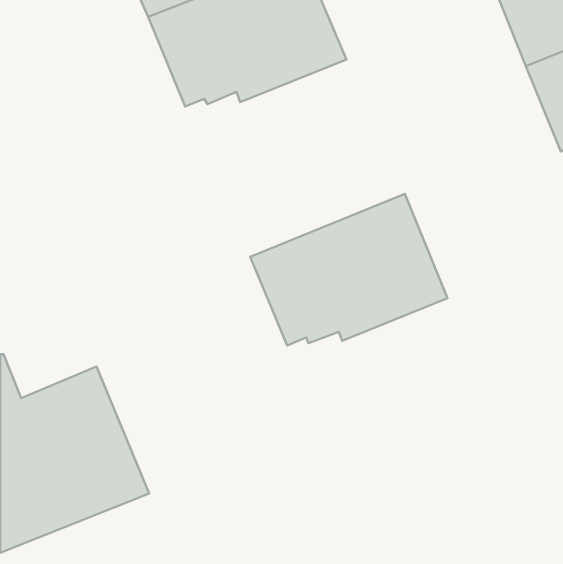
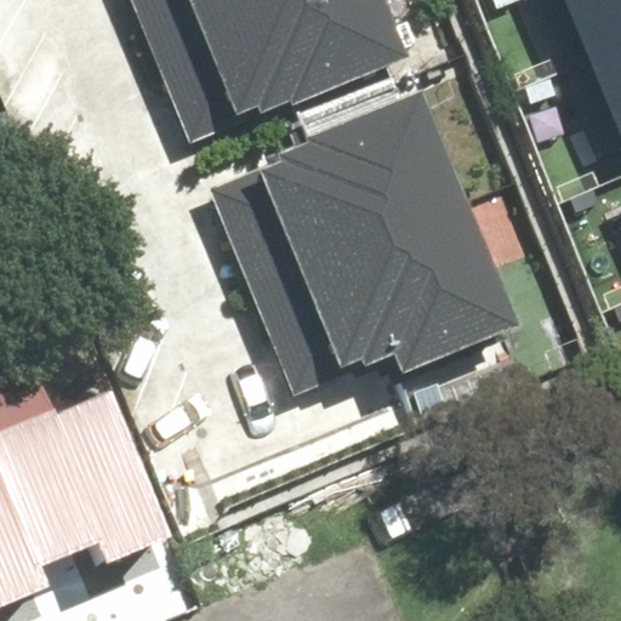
building: none -> [243,97,449,278]

